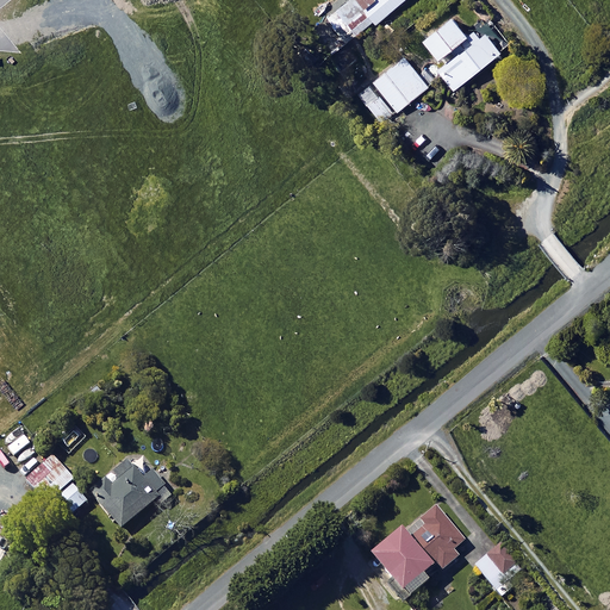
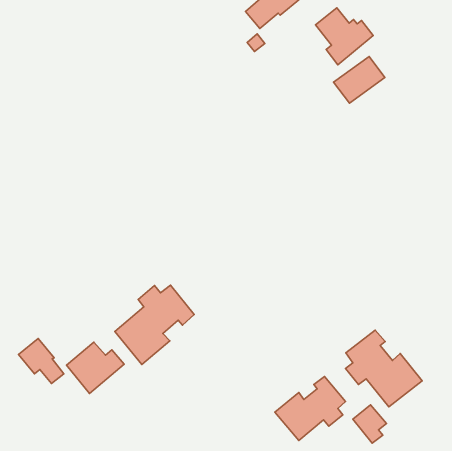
building: [360,56,429,119] -> [334,56,385,103]
building: none -> [115,285,194,365]
building: none -> [346,330,422,407]

